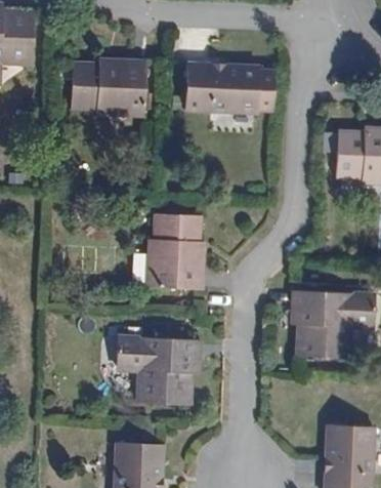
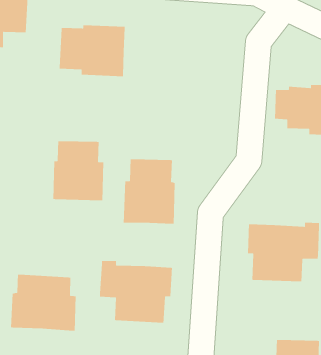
building: [179,62,278,115] -> none
building: none -> [53,140,104,201]
building: none -> [10,274,76,332]

